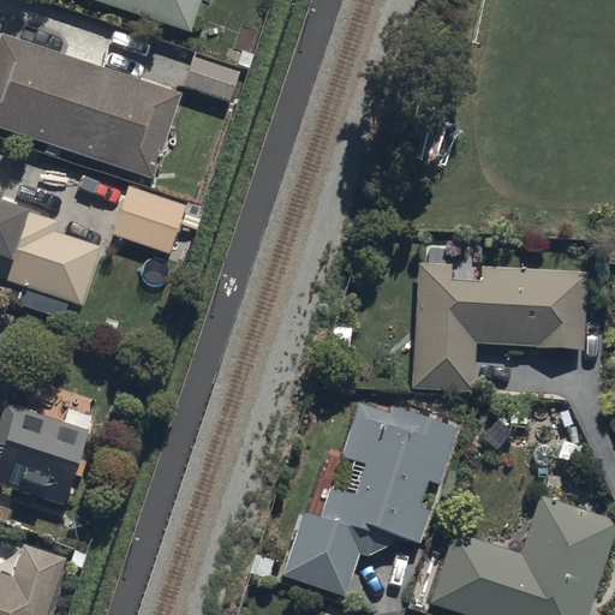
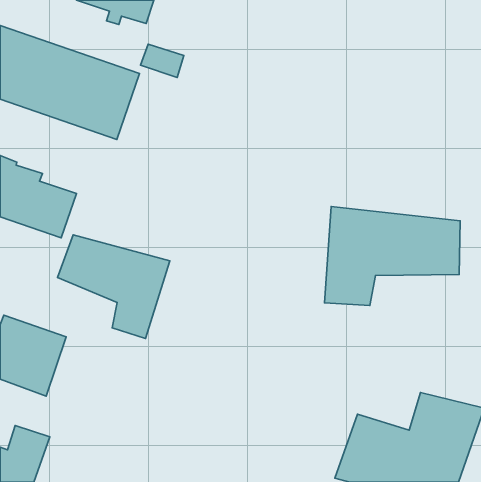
building: [107,186,183,252] -> none
building: none -> [57,235,170,338]
building: [282,402,455,592] -> none

